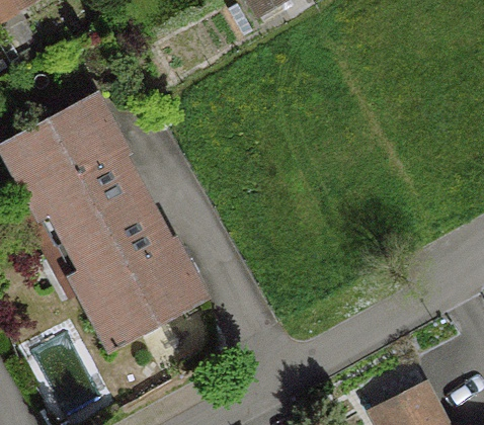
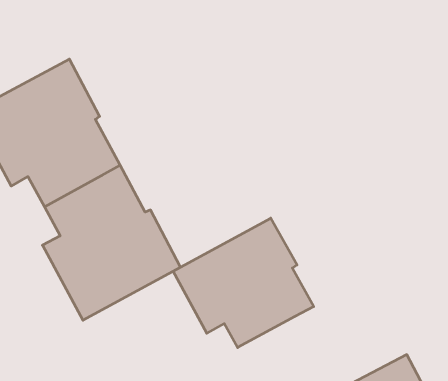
building: none -> [173,218,314,348]

